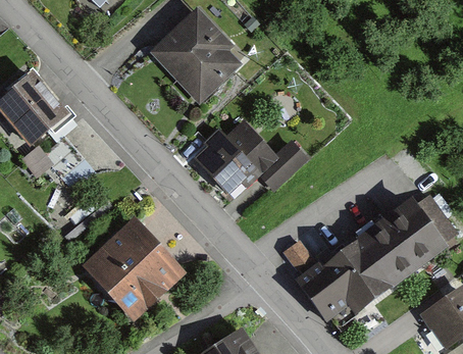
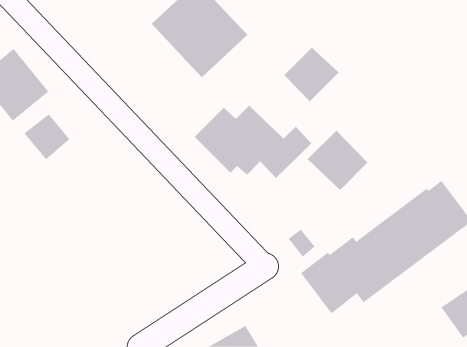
building: none -> [284,47,339,102]
building: none -> [307,130,368,191]
building: [88,218,189,319] -> none

